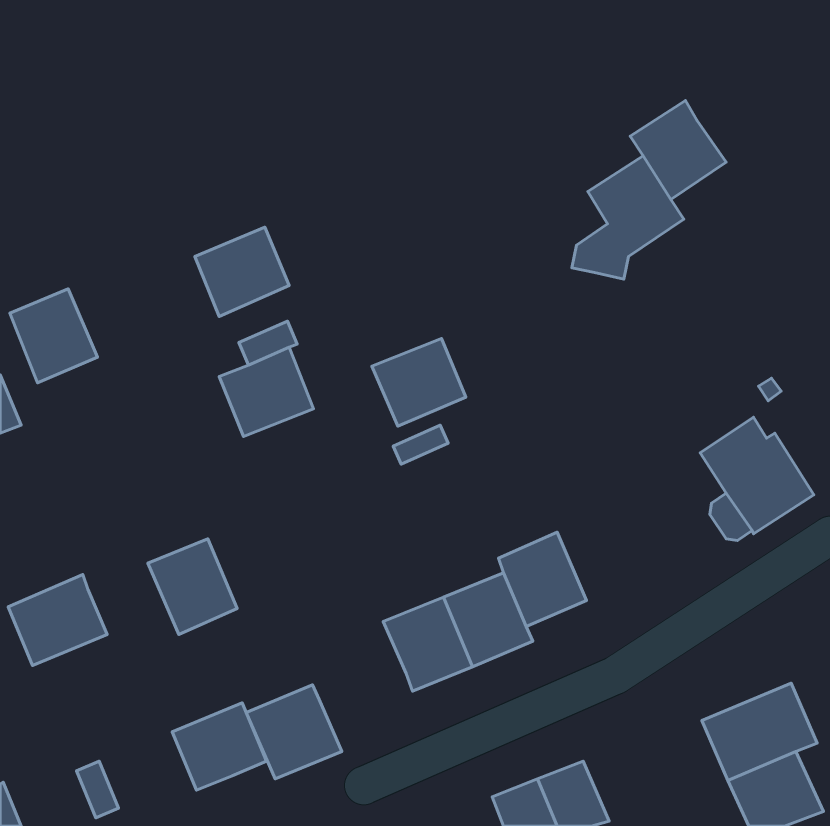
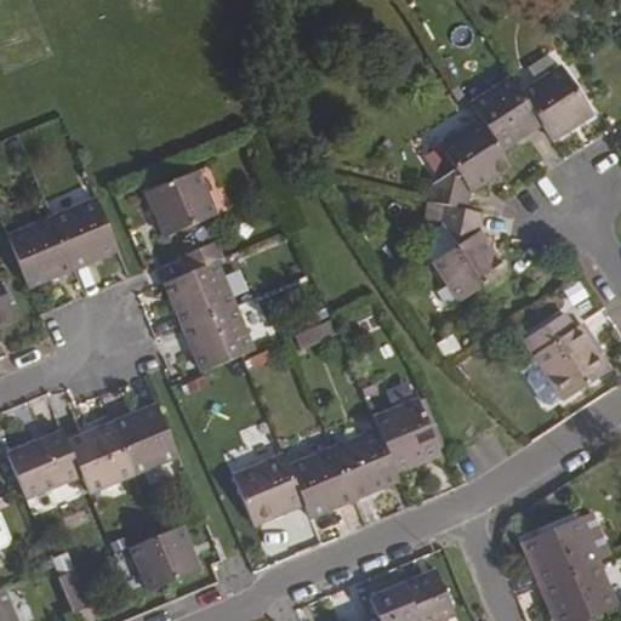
building: none -> [520,63,591,138]
building: none -> [51,198,118,267]
building: none -> [421,204,506,301]
building: [372,339,466,426] -> [182,306,252,371]
building: none -> [65,421,133,492]
building: [246,685,342,779] -> [232,454,303,524]

